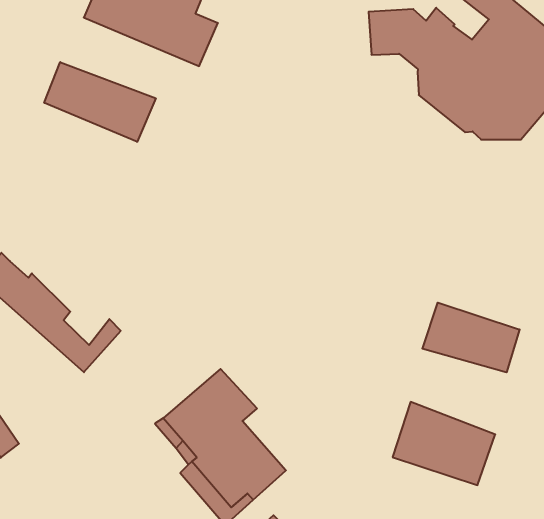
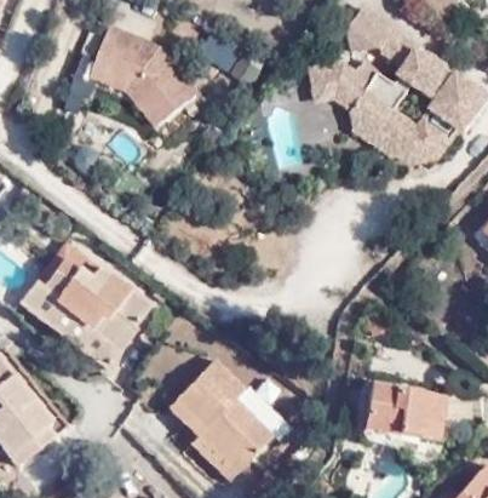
building: [44,62,156,142] -> none
building: none -> [44,258,153,348]
building: [422,303,520,372] -> none

